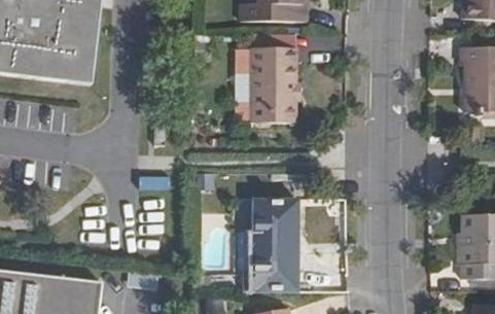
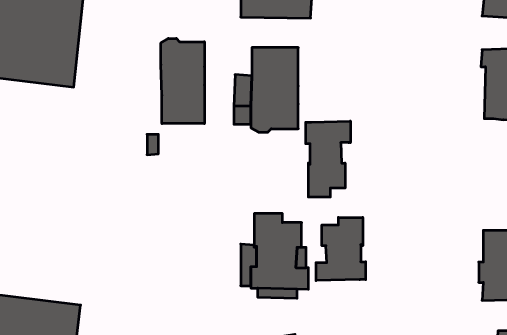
building: none -> [161,38,204,124]
building: none -> [306,121,350,197]
building: none -> [316,217,366,281]

